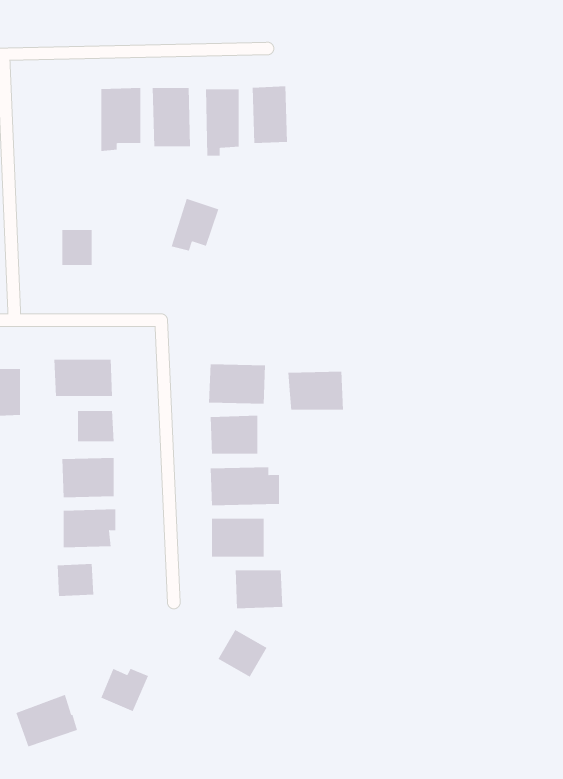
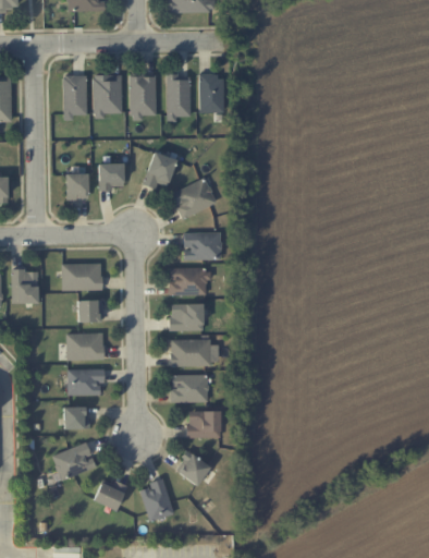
building: none -> [63,75,87,120]
building: none -> [99,163,124,190]
building: none -> [171,178,217,219]
building: [288,371,344,410] -> [183,232,222,259]
building: none -> [140,478,174,521]
building: [15,694,78,747] -> [52,442,96,480]

